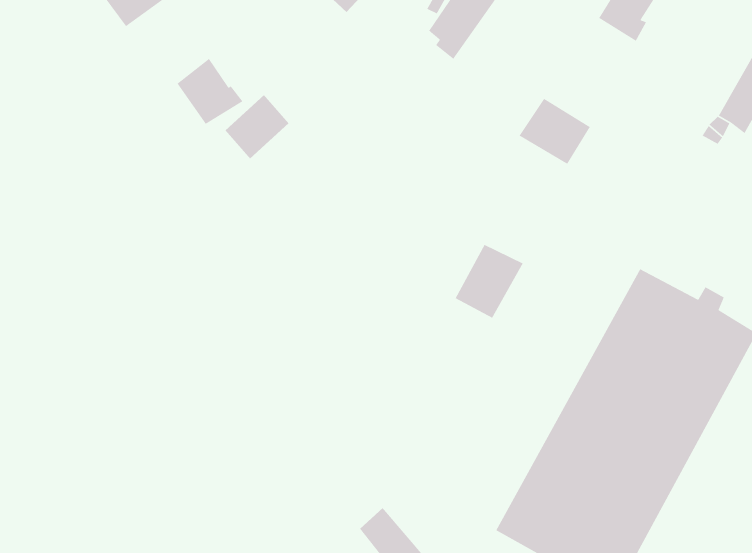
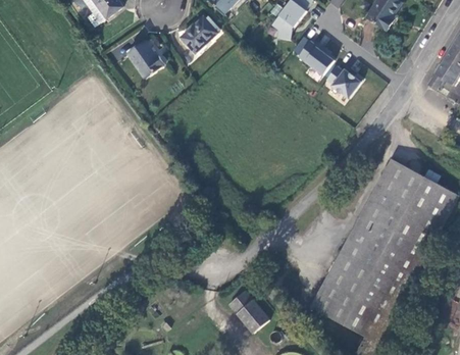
building: none -> [290,36,334,72]
building: [224,94,290,160] -> [182,15,218,52]
building: [455,244,524,319] -> none

